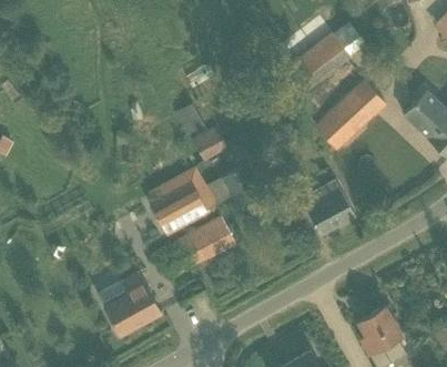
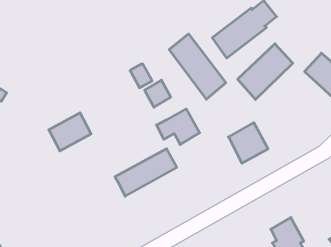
building: none -> [169,34,226,99]
building: [149,182,204,232] -> [49,113,91,151]
building: [103,271,161,335] -> none

